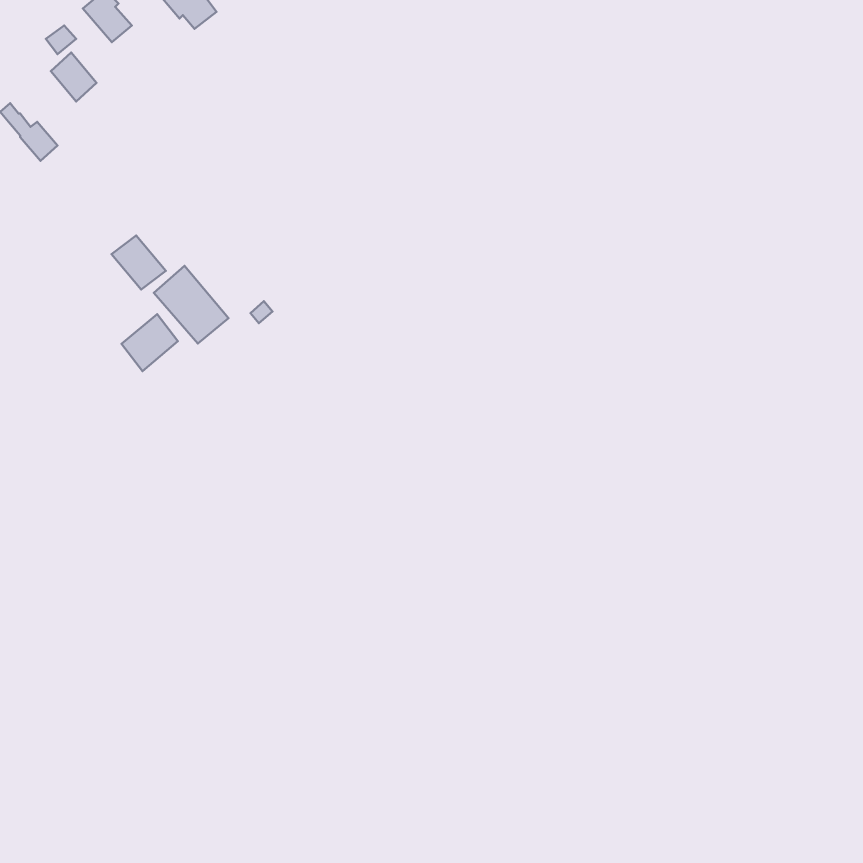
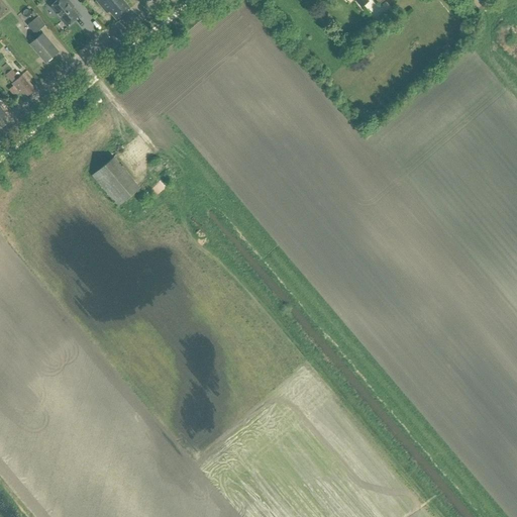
building: [112,236,166,289] -> none
building: [122,314,178,371] -> none

